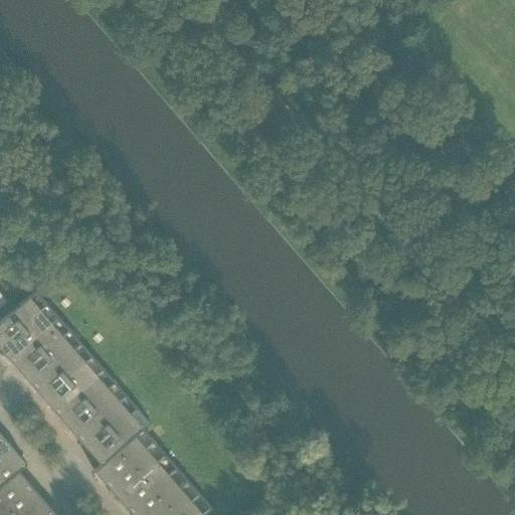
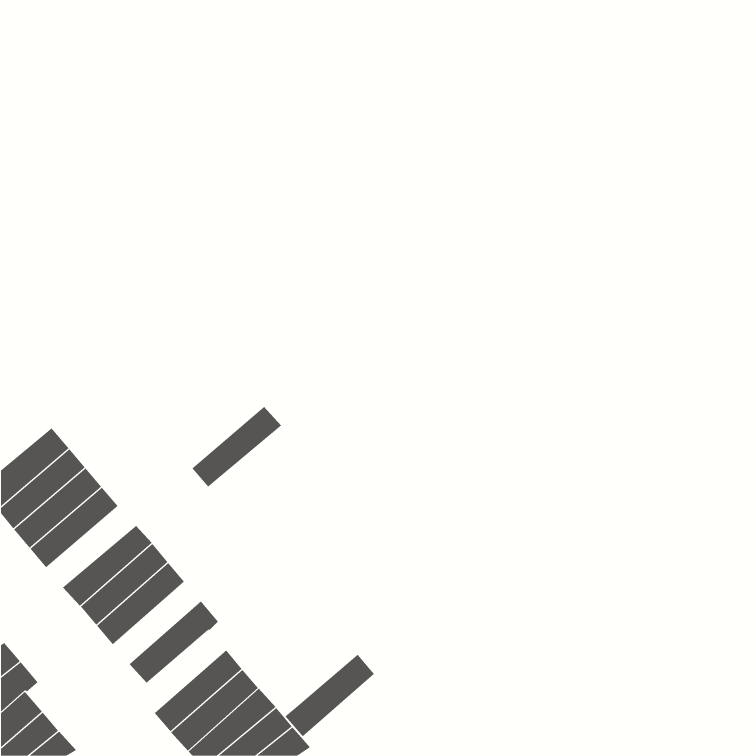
building: [31,344,93,399] -> [192,406,282,488]
building: [76,395,137,452] -> none
building: [93,428,154,485] -> [285,654,375,737]

